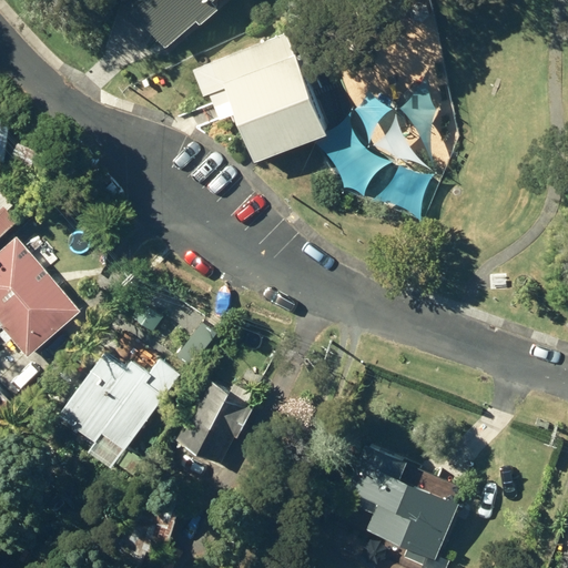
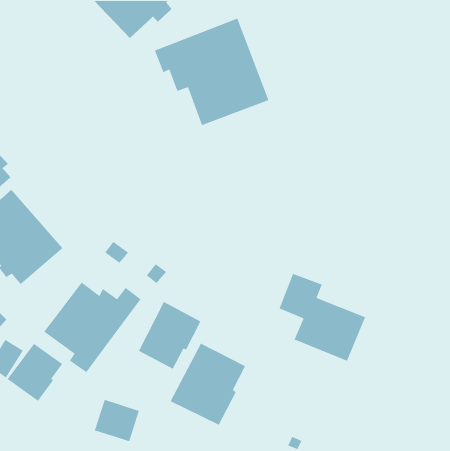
building: none -> [170,343,246,426]
building: none -> [7,343,63,402]
building: [347,449,457,561] -> [279,273,366,362]

